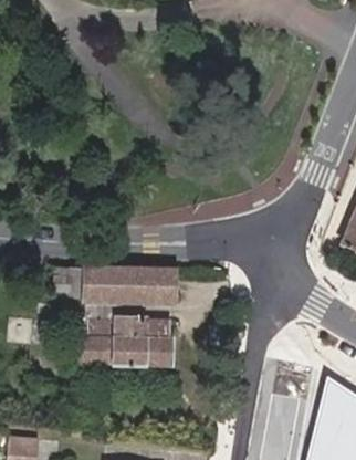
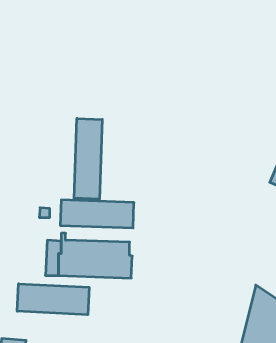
building: none -> [74,118,102,199]
building: none -> [17,284,89,315]

